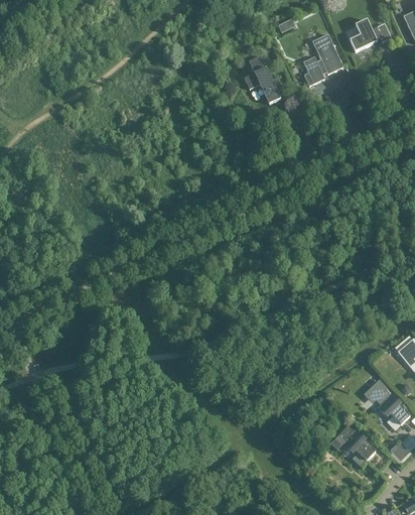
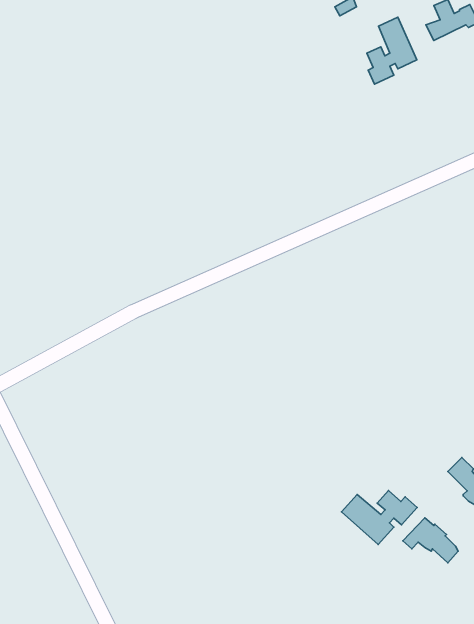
building: [243,54,282,104] -> none
building: none -> [341,490,417,544]

